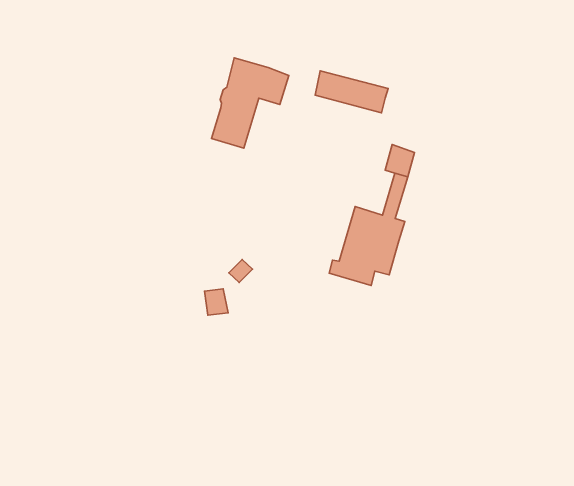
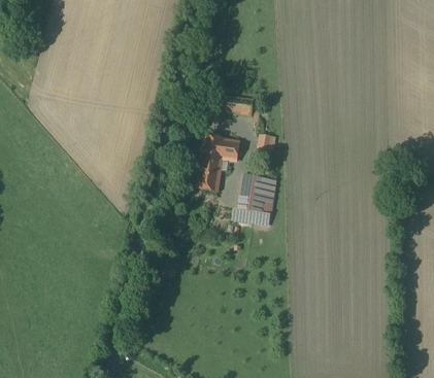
building: [211,58,289,148] -> [198,136,240,191]

